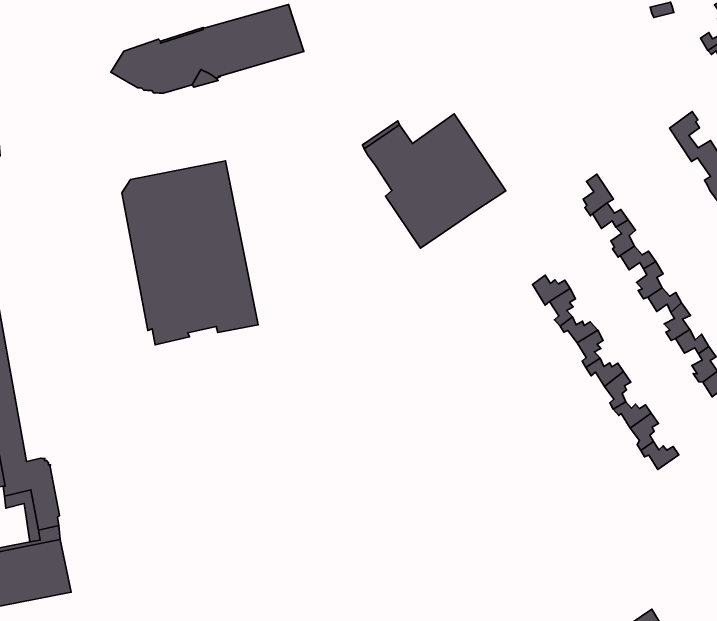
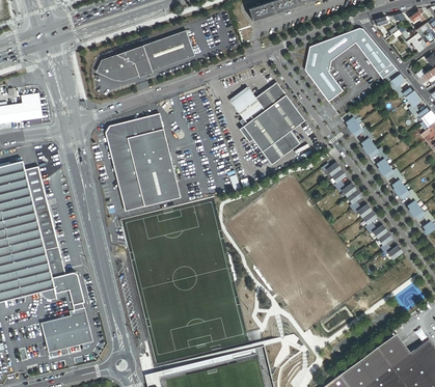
building: none -> [306,28,397,102]
building: none -> [263,132,300,165]

